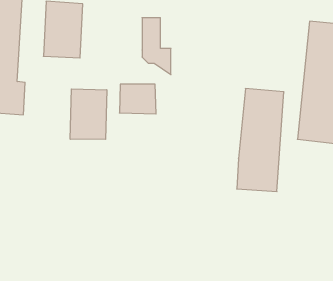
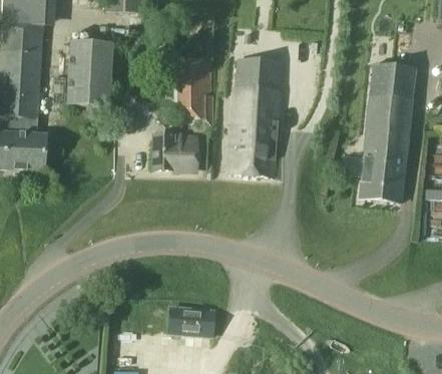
building: [237,89,284,192] -> [228,58,282,176]
building: [70,89,107,139] -> none
building: none -> [168,307,213,336]

